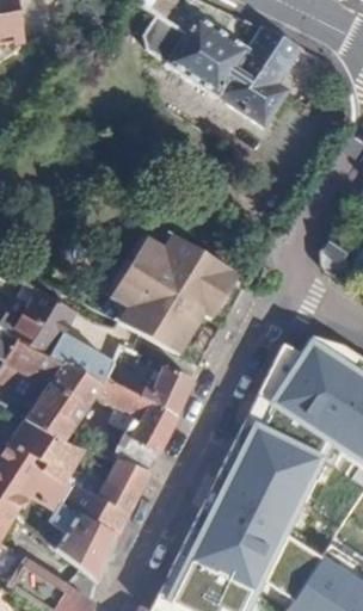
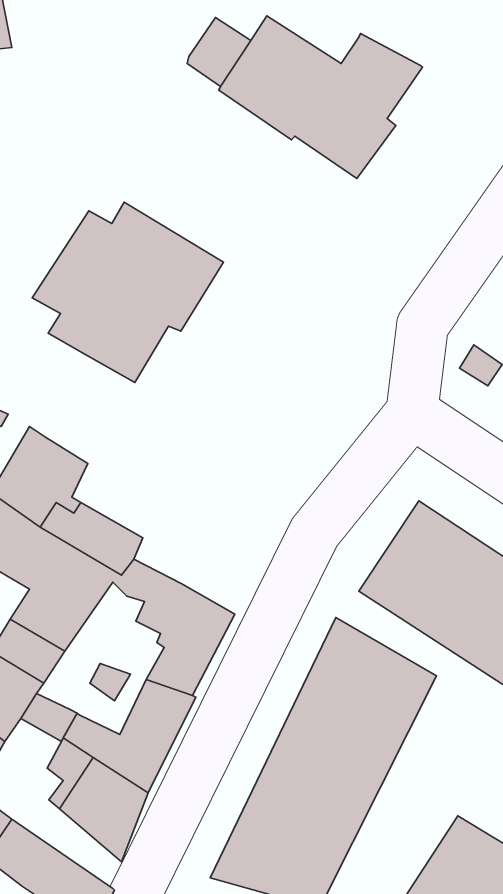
building: [111,235,240,357] -> [32,202,223,383]
building: [142,365,196,415] -> none

